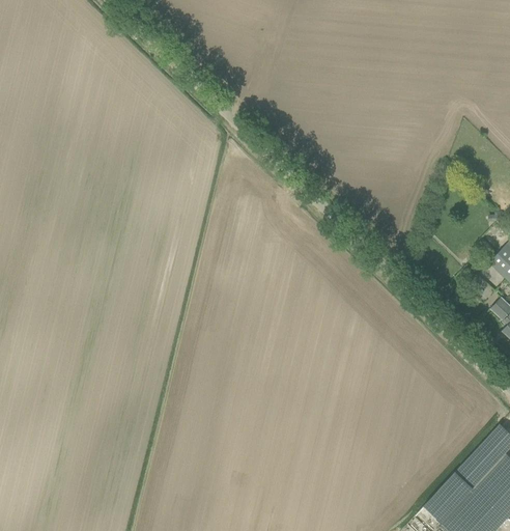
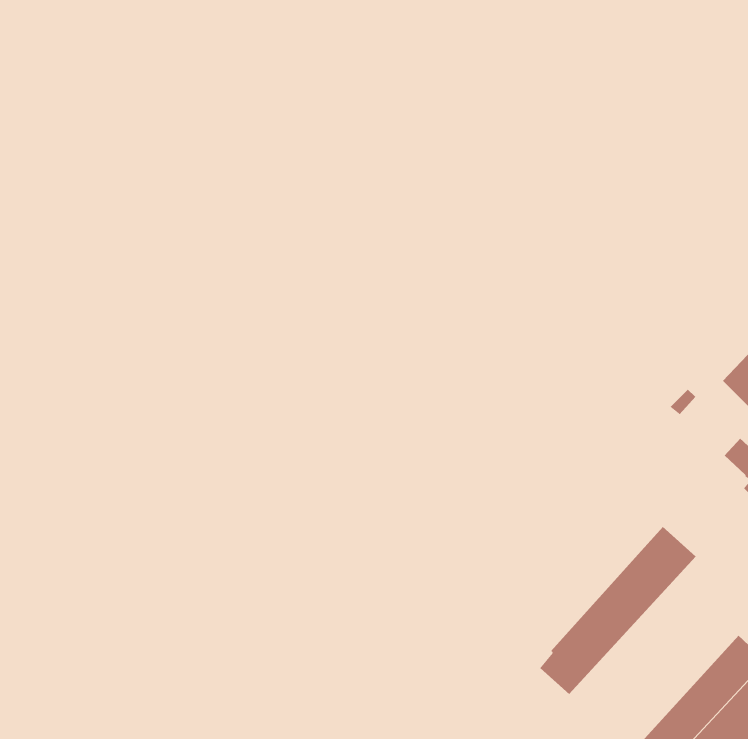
building: none -> [540,526,697,695]

